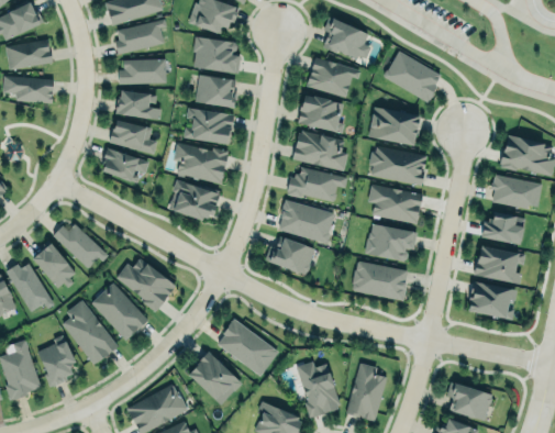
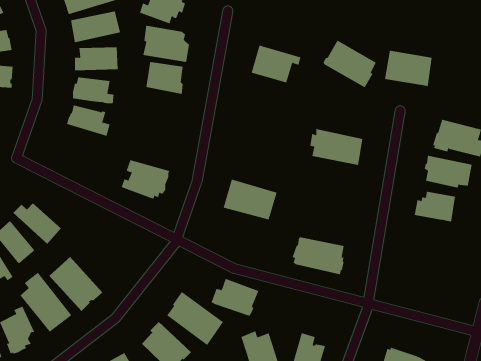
building: [323,16,370,58] -> none
building: [298,95,346,133] -> none
building: [368,107,420,145] -> [384,50,433,86]
building: [185,108,233,144] -> none
building: [291,130,349,171] -> none
building: [173,142,227,184] -> none
building: [102,146,149,184] -> none
building: [286,167,348,201] -> none
building: [367,184,423,223] -> none
building: [364,223,417,262] -> none
building: [265,234,317,275] -> [211,278,259,316]
building: [475,244,526,284] -> none
building: [116,257,176,311] -> none
building: [468,281,518,320] -> none

